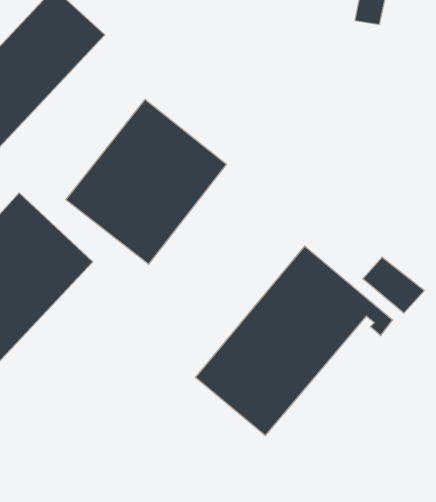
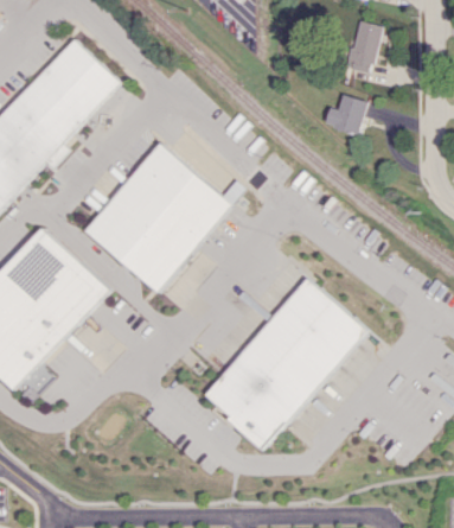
building: none -> [325,95,366,134]
building: [363,257,424,313] -> none

